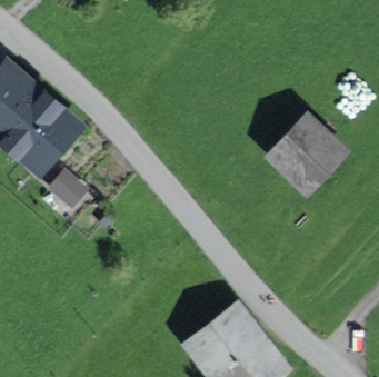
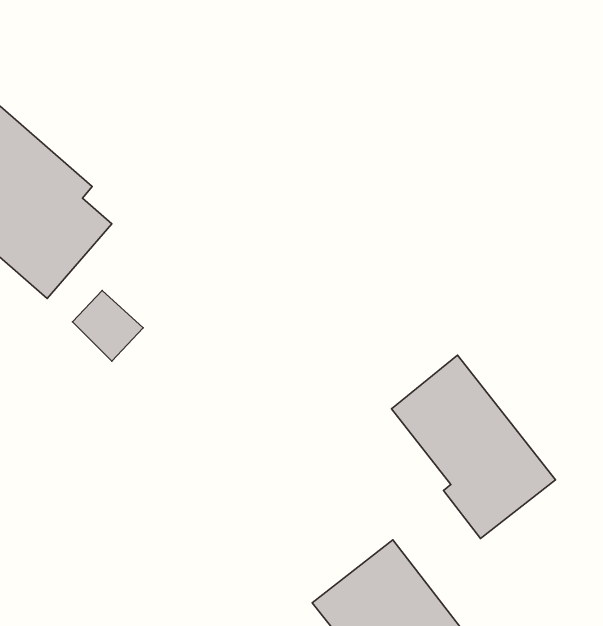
building: [271,120,337,185] -> none
building: none -> [392,355,555,538]

